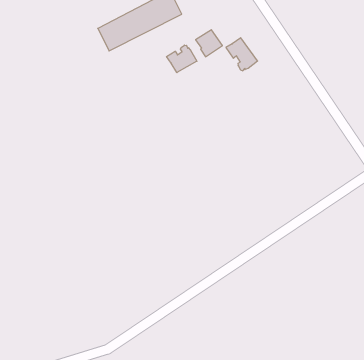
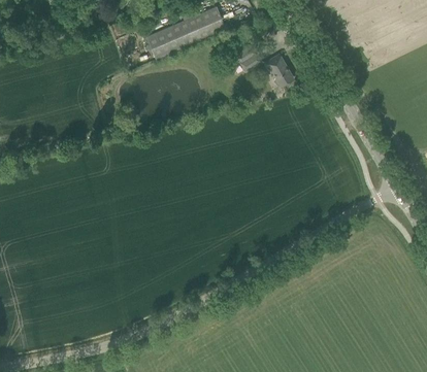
building: [167,45,197,73] -> none

